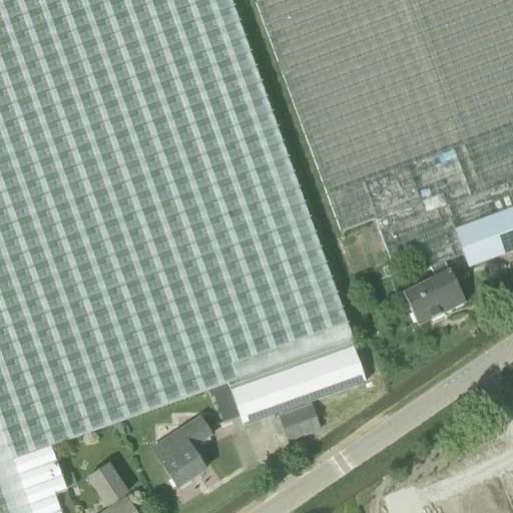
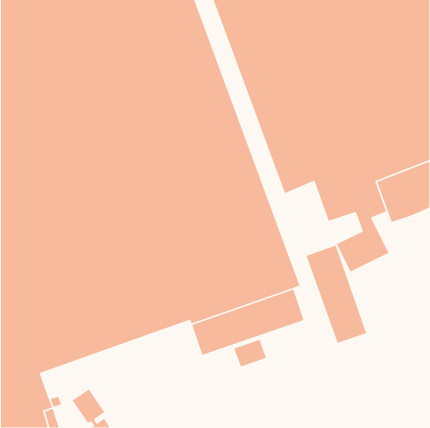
building: none -> [305,245,367,344]
building: [149,416,209,488] -> none

